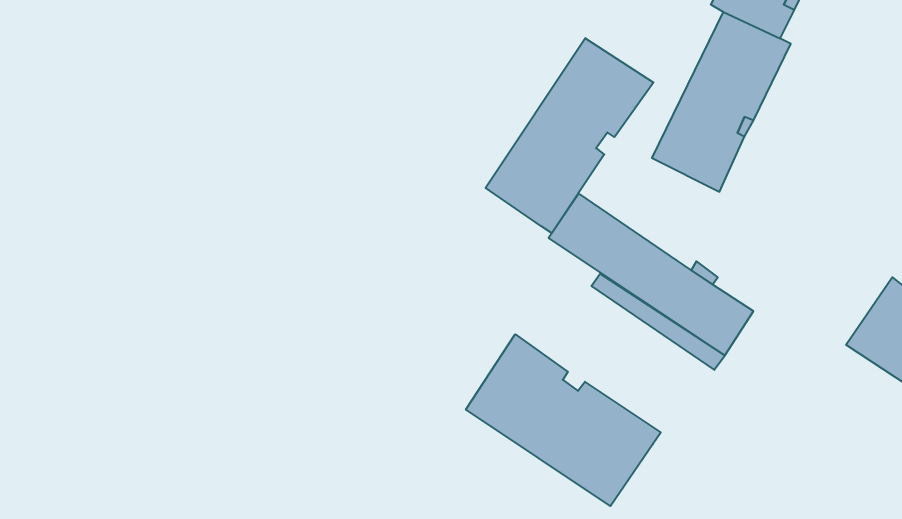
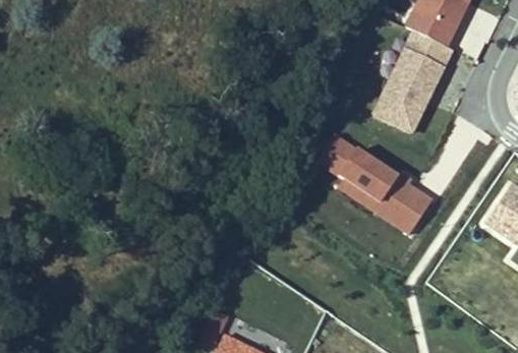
building: [486,38,653,233] -> none
building: [466,334,661,506] -> none

